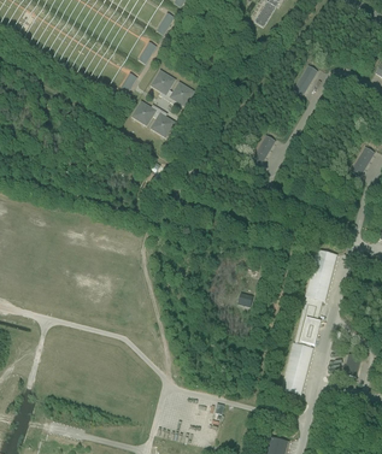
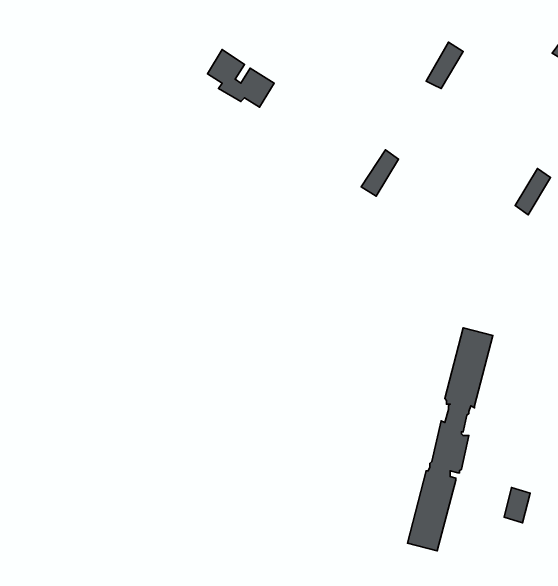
building: [131,100,175,136] -> none

